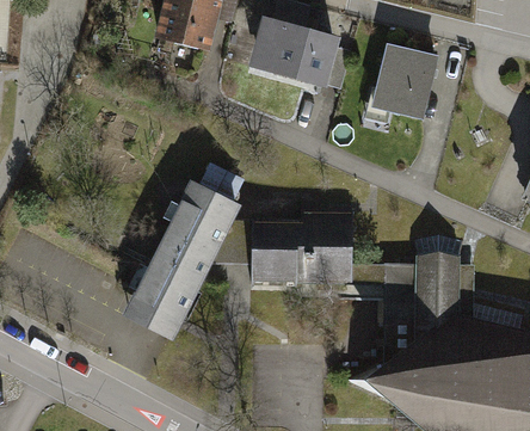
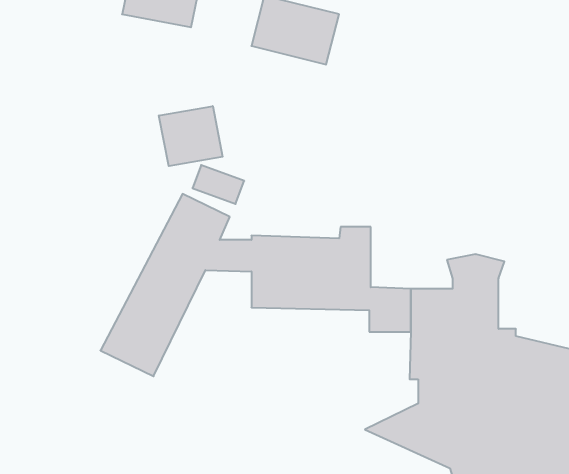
building: [366,48,438,125] -> none
building: none -> [159,106,223,166]

